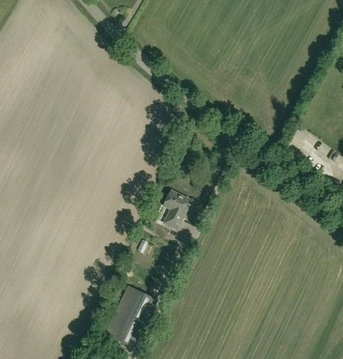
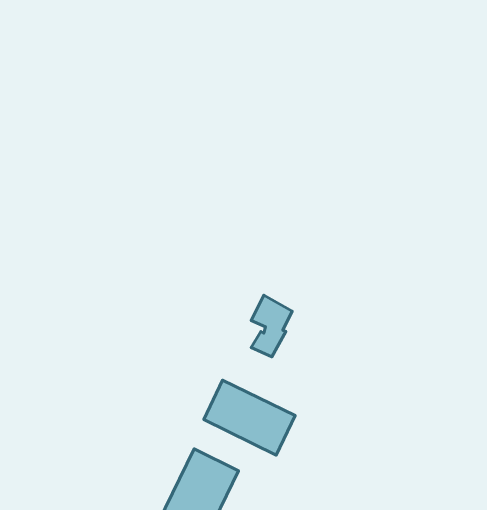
building: none -> [204,380,295,455]

